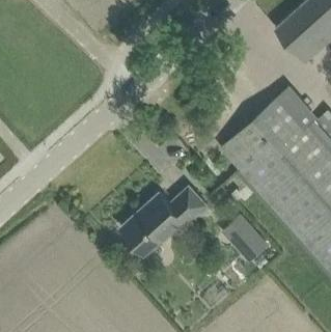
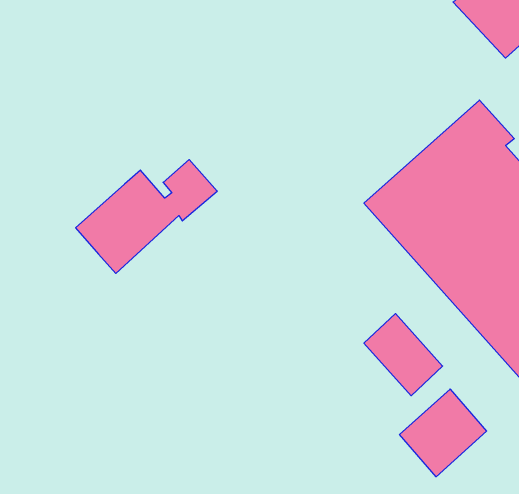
building: [121,188,205,255] -> [76,160,217,273]
building: none -> [400,389,487,477]

